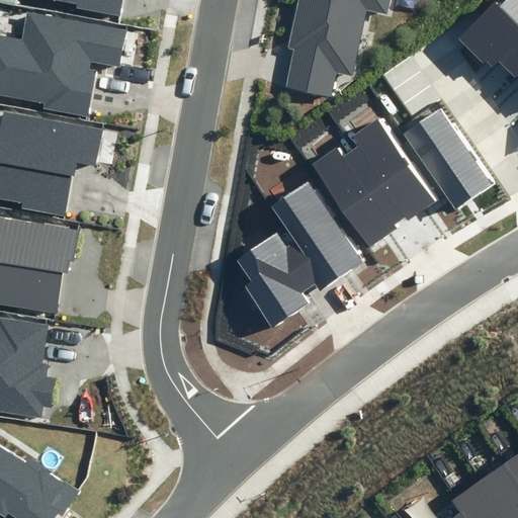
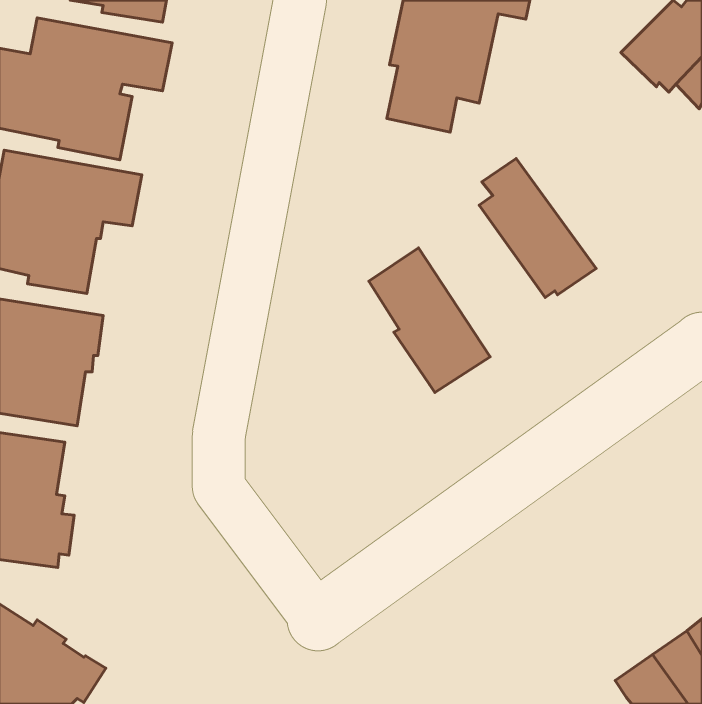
building: [403,107,493,209] -> none
building: [310,147,401,247] -> none
building: [237,233,316,327] -> none

